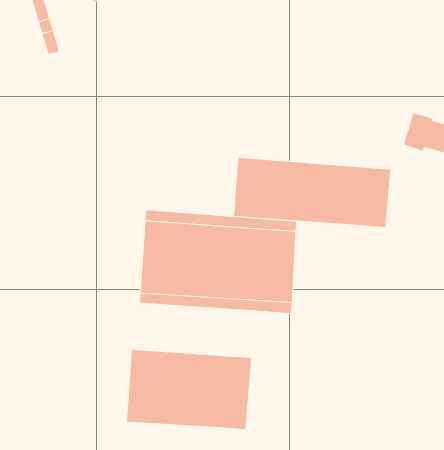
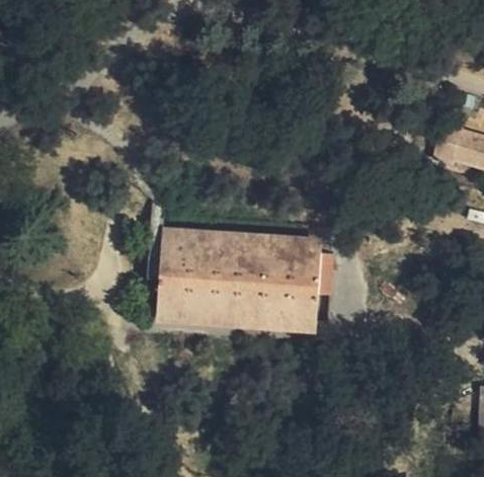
building: [233,157,391,228] -> none
building: [127,349,251,430] -> none

